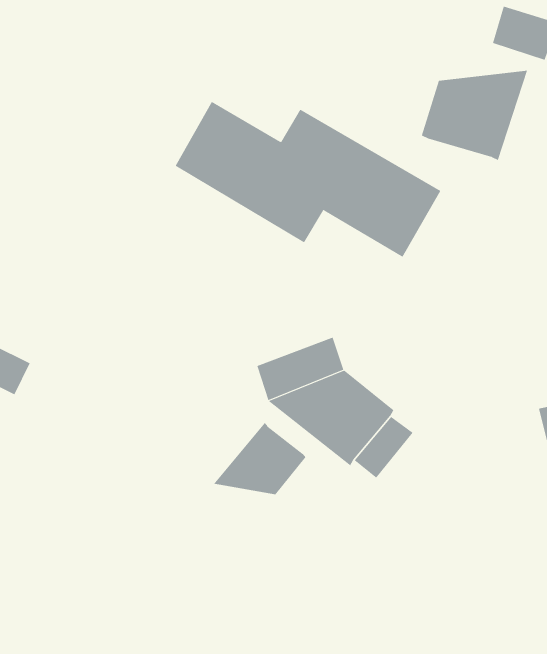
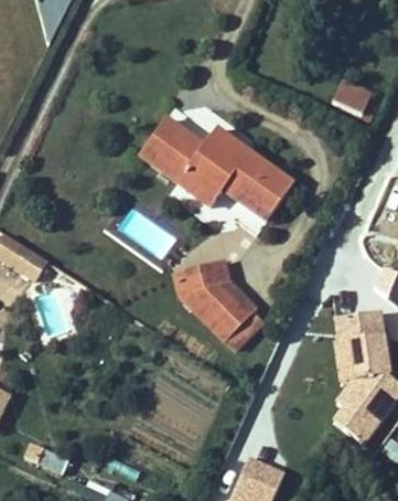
building: [421,70,528,161] -> none
building: [213,422,306,495] -> none

